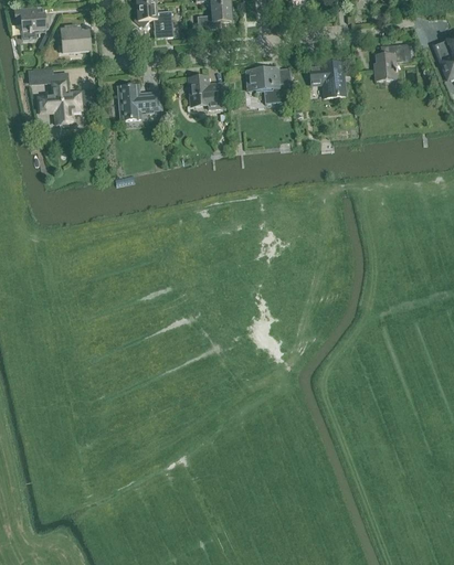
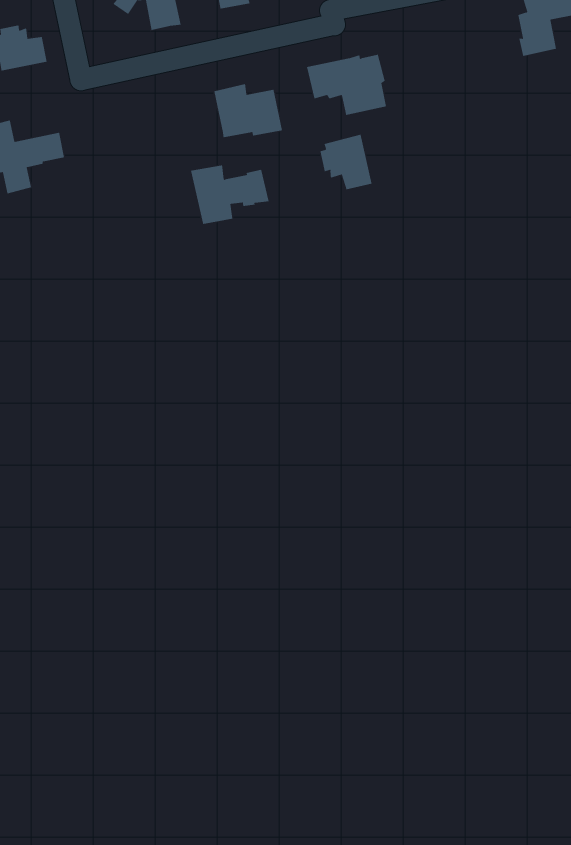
building: [309,62,345,97] -> none
building: [118,85,163,119] -> [190,165,270,224]
building: none -> [320,134,372,190]

